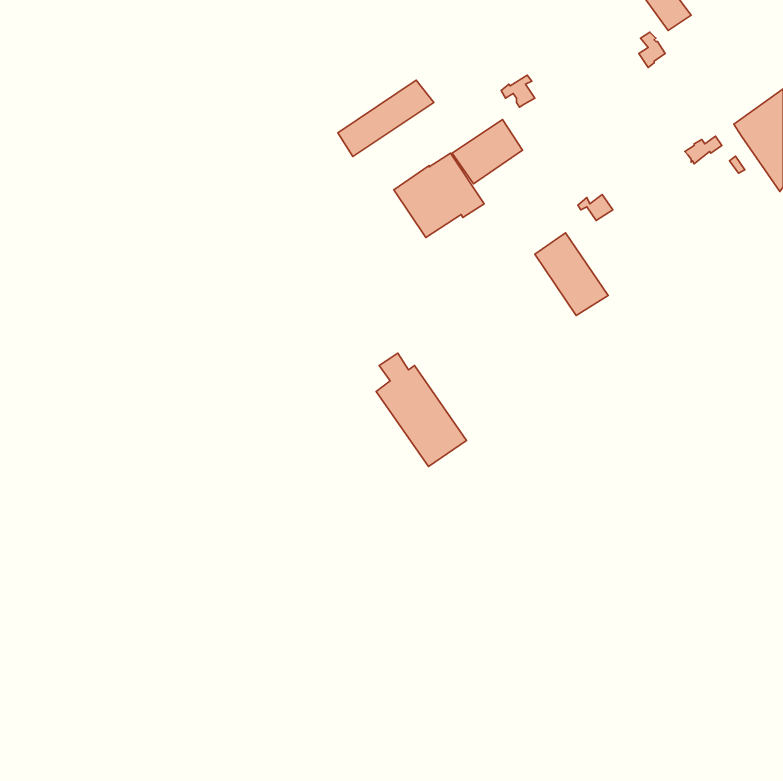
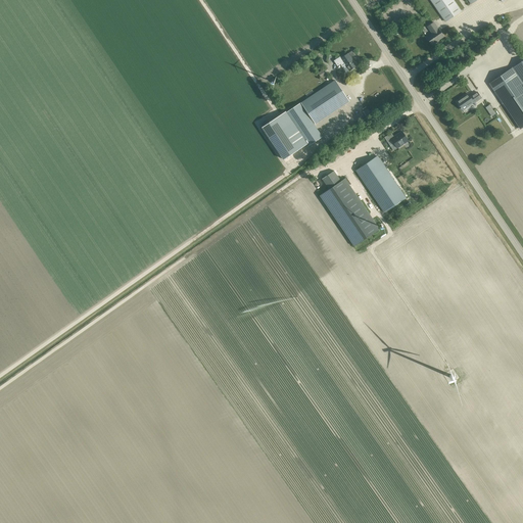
building: [338,80,434,156] -> none
building: [376,353,467,466] -> [320,170,380,245]

